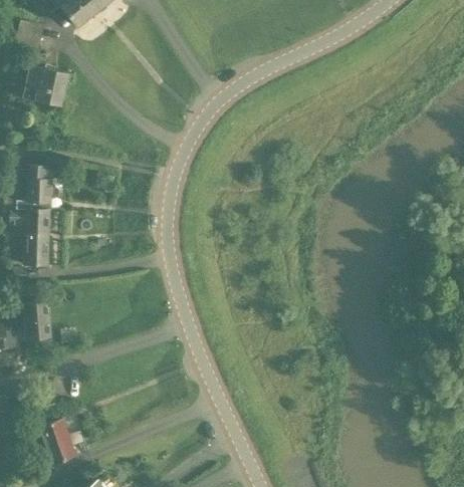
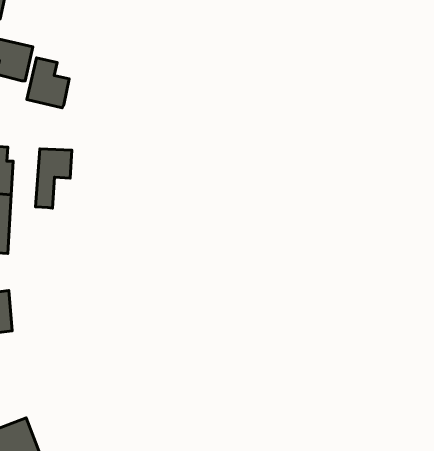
building: none -> [27,58,69,108]
building: none -> [35,149,72,208]

